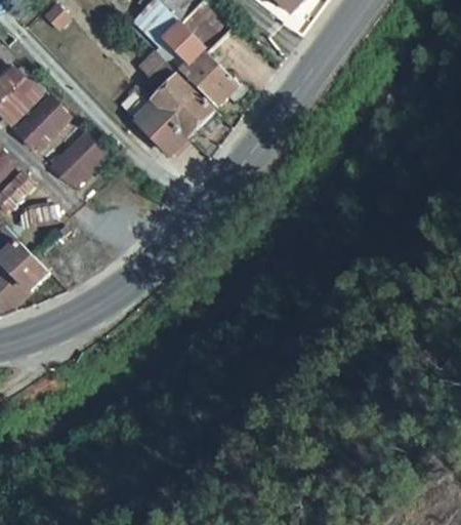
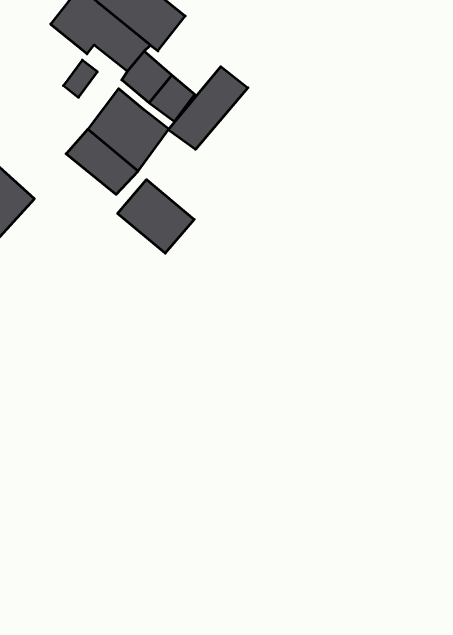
building: none -> [168,67,248,149]
building: none -> [118,180,194,253]

